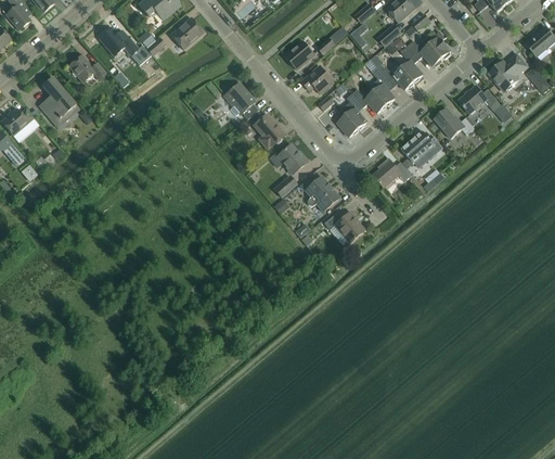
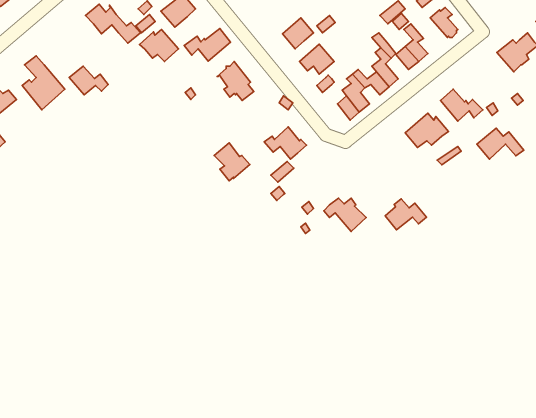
building: [406,40,441,67] -> none
building: none -> [184,28,231,61]
building: none -> [139,29,179,62]
building: [68,55,105,82] -> [69,66,108,95]
building: [457,86,502,115] -> [477,128,524,159]
building: [253,114,286,150] -> [214,143,250,181]
building: [373,158,412,188] -> [385,199,426,230]
building: [298,174,339,212] -> none

